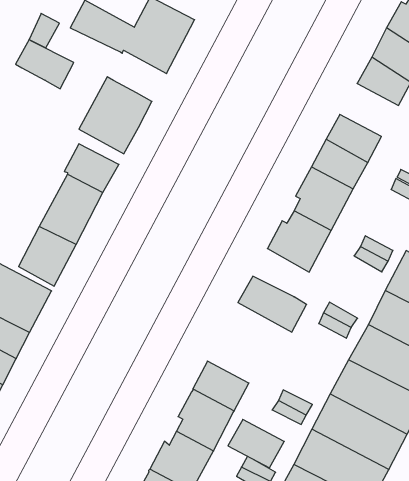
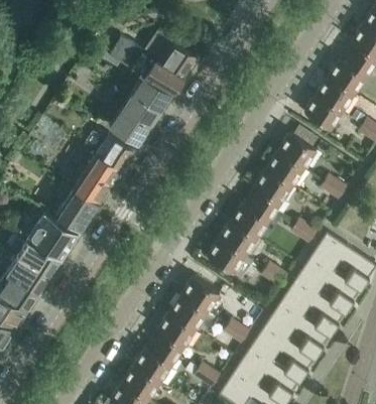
building: [16,39,74,89] -> [131,73,171,109]
building: none -> [218,219,257,254]
building: [228,419,284,468] -> [180,275,220,310]

